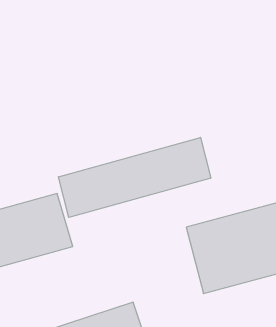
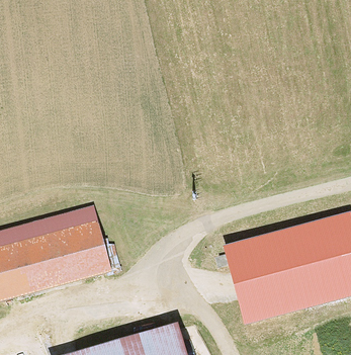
building: [58,137,211,217] -> none

